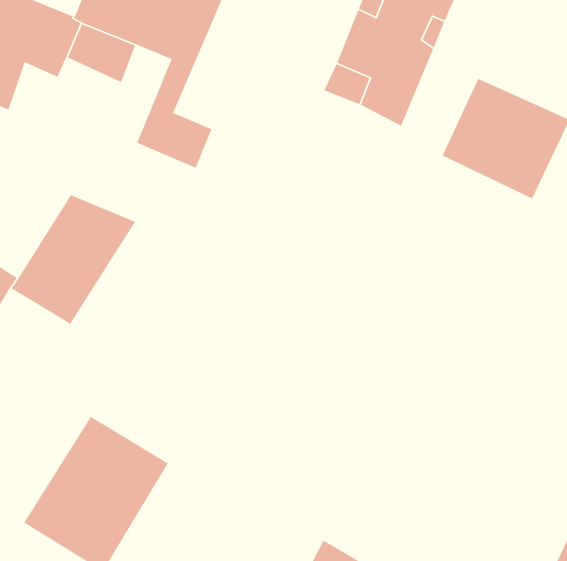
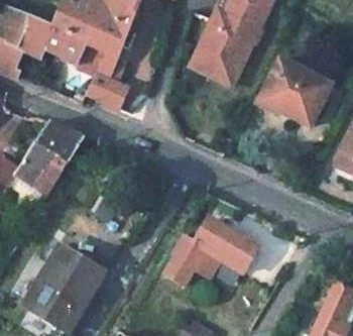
building: none -> [166,221,257,285]

